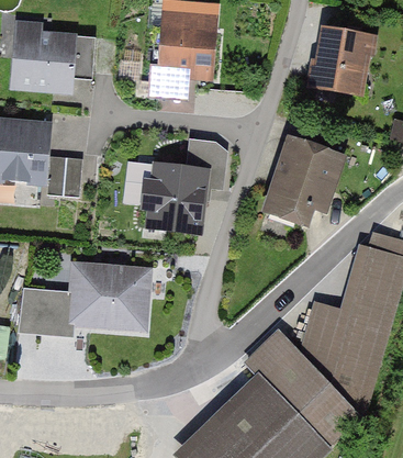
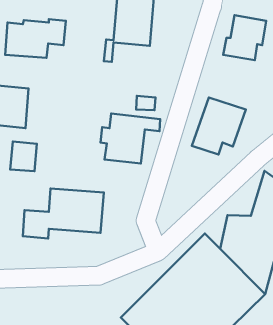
building: [45,156,81,197] -> [10,141,37,171]

